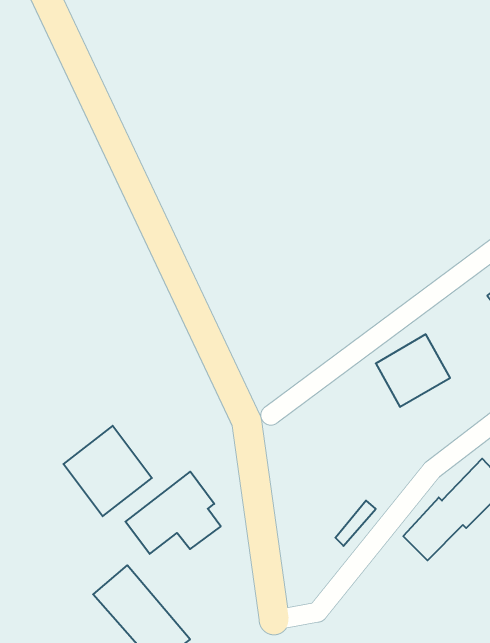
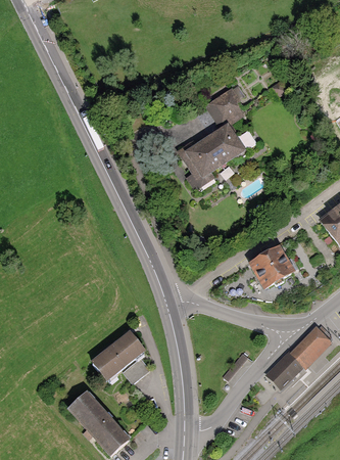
building: none -> [177,85,246,188]
building: [63,426,152,516] -> none

